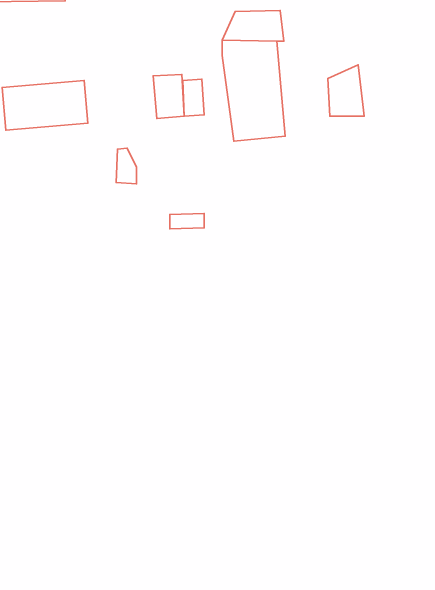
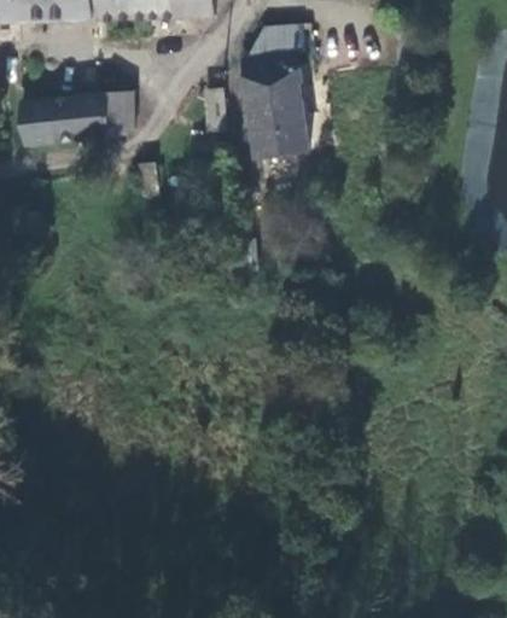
building: [328,65,364,116] -> none
building: [153,75,184,118] -> [104,93,135,138]

